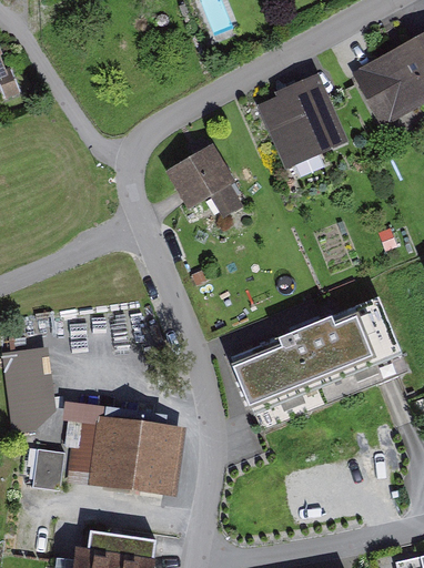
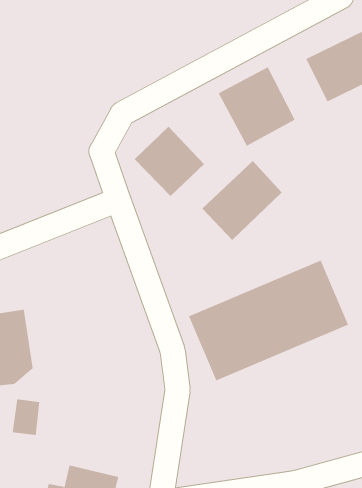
building: none -> [201,160,283,241]
building: [60,415,179,503] -> none

